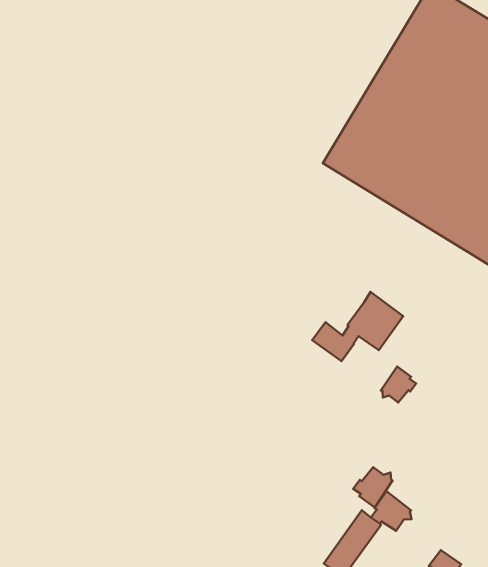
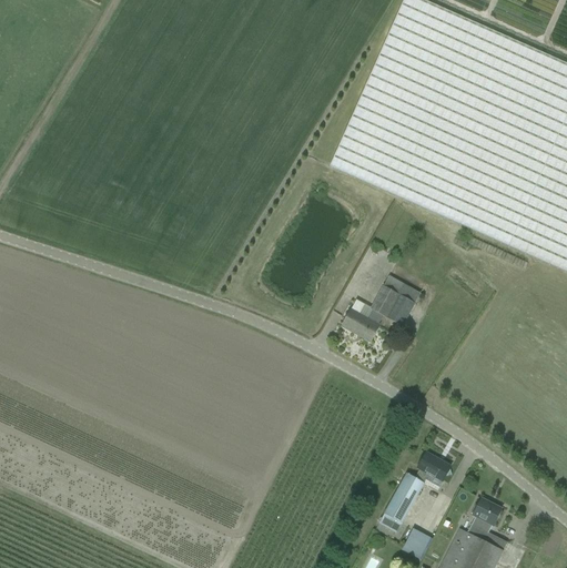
building: [381,367,416,403] -> none
building: [353,467,393,508] -> none

